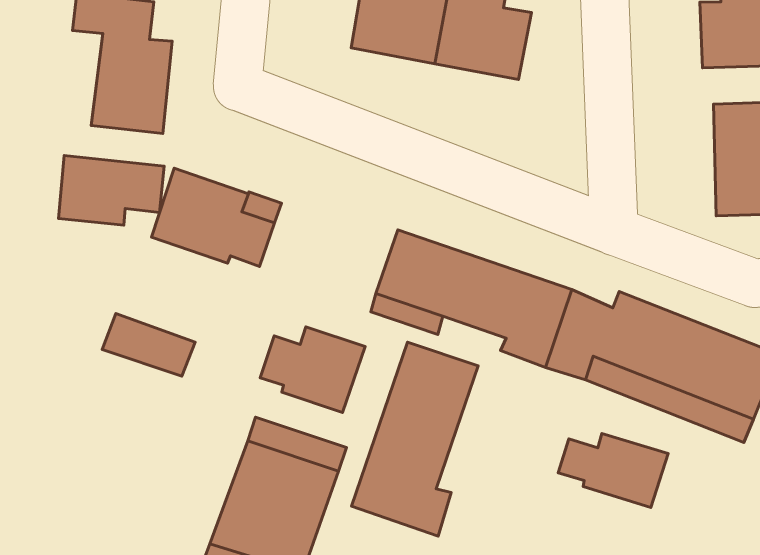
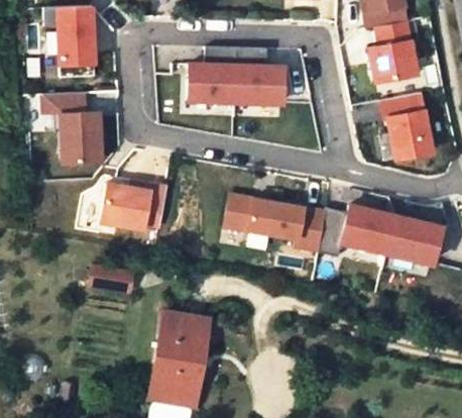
building: [59,155,164,225] -> none
building: [260,327,365,413] -> none
building: [352,342,478,536] -> none
building: [558,433,668,507] -> none

